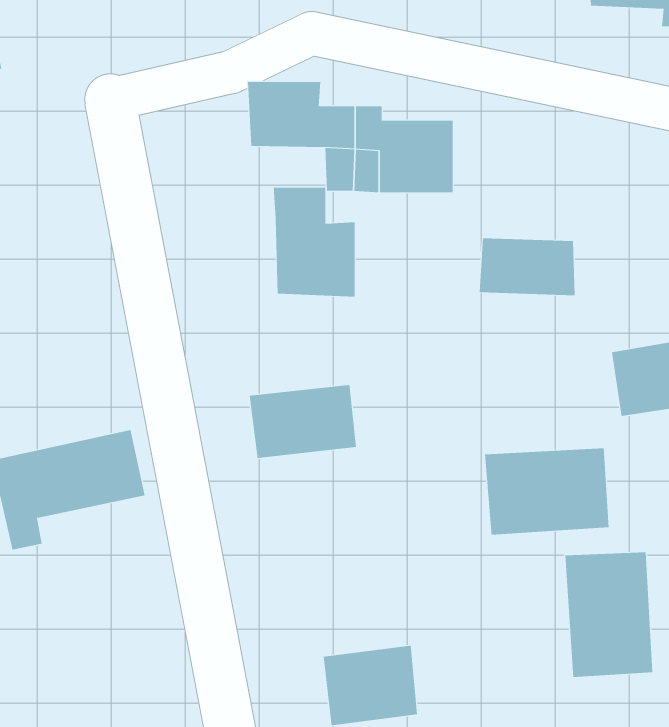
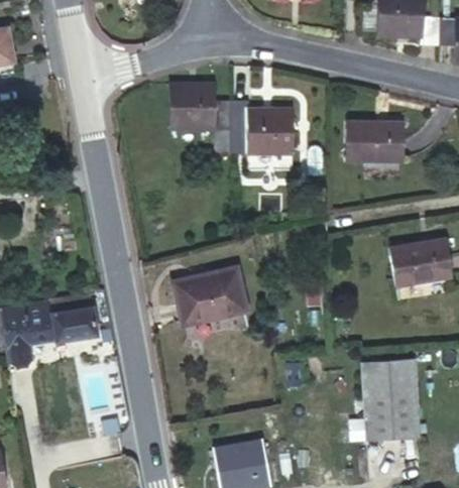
building: [273,187,355,297] -> none
building: [479,238,576,296] -> [349,122,410,158]
building: [485,448,609,536] -> none

